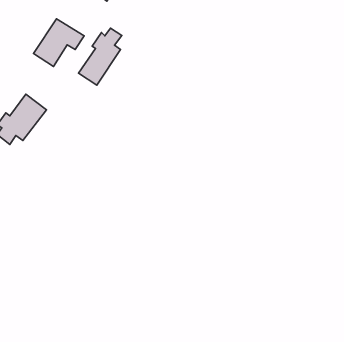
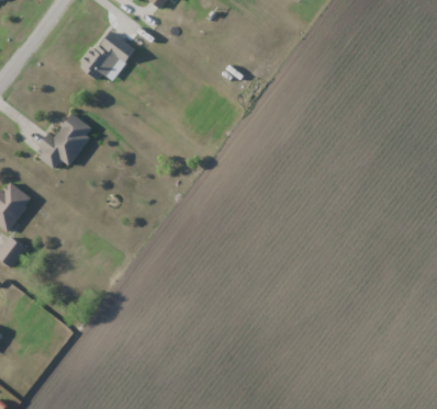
building: [79,28,122,85] -> none

